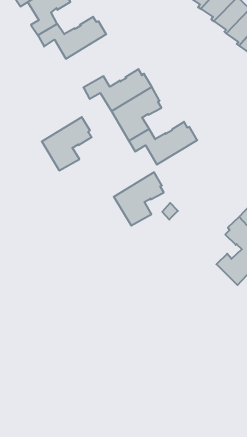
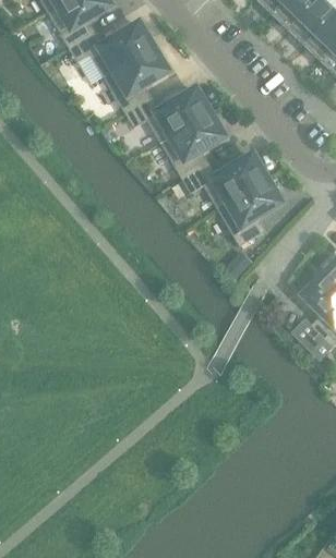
building: [42,117,92,170] -> [107,45,169,111]
building: [114,172,164,226] -> [220,177,283,243]

